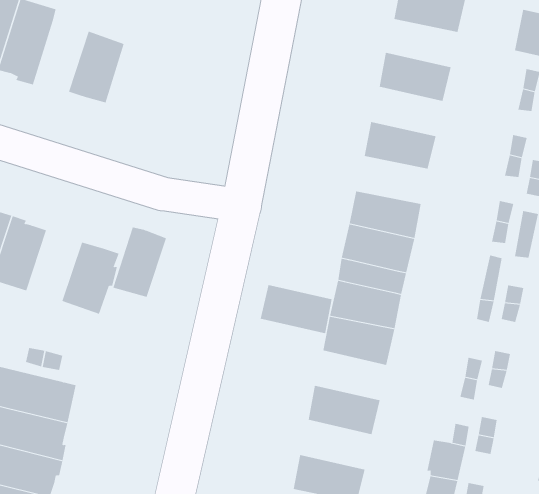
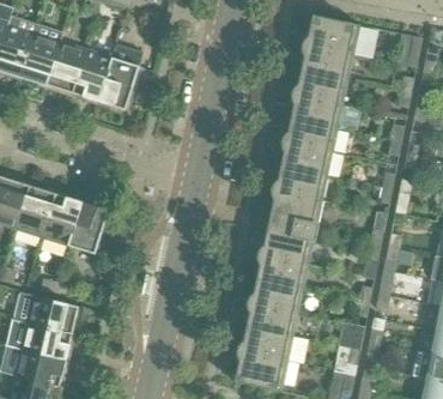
building: none -> [301,40,353,74]
building: none -> [45,41,85,92]
building: none -> [98,43,142,109]
building: none -> [290,89,342,125]
building: none -> [279,139,332,174]
building: [112,227,167,298] -> [41,193,80,244]
building: [260,284,332,334] -> [249,280,302,316]
building: none -> [238,331,291,367]

